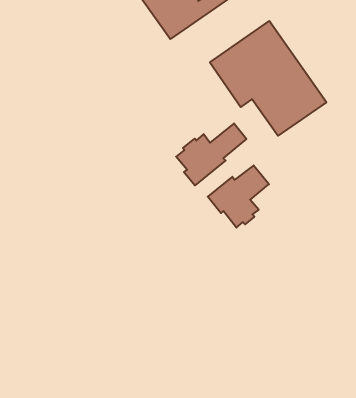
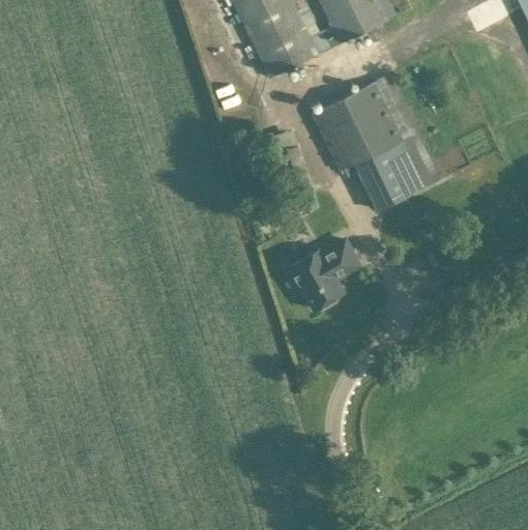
building: [176,123,246,185] -> none

